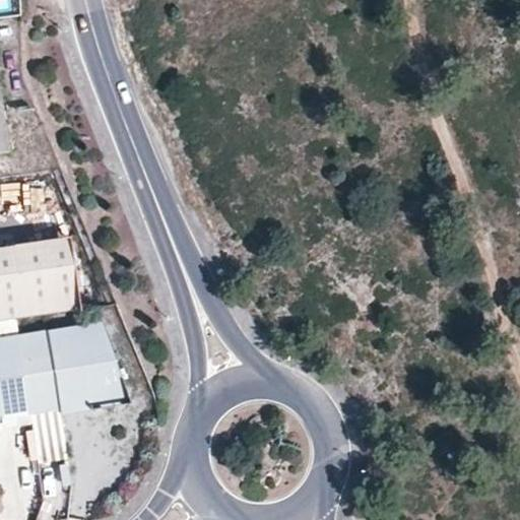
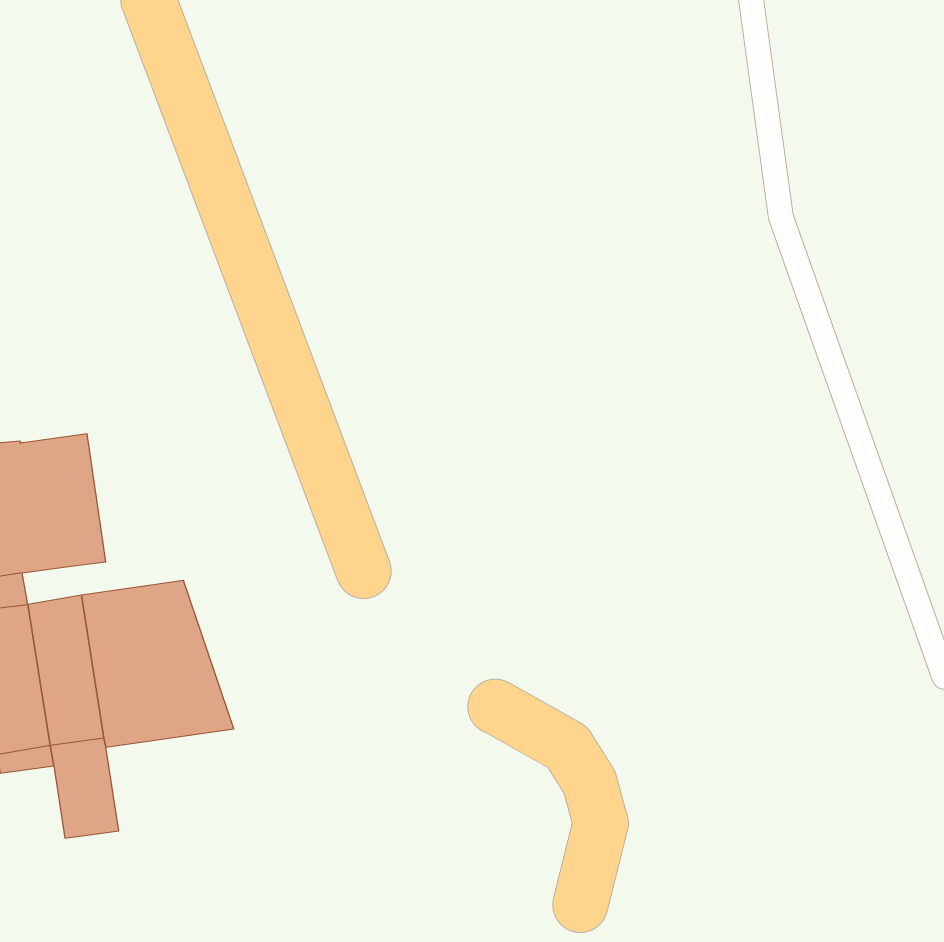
building: [10,235,77,311] -> none

